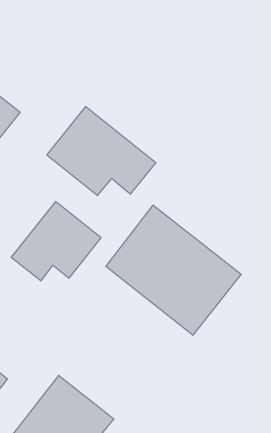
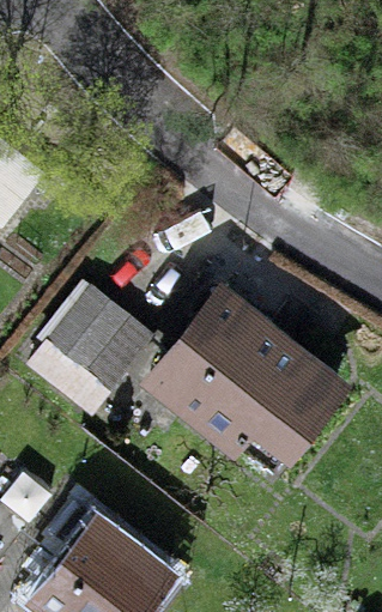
building: [47,107,156,196] -> none

